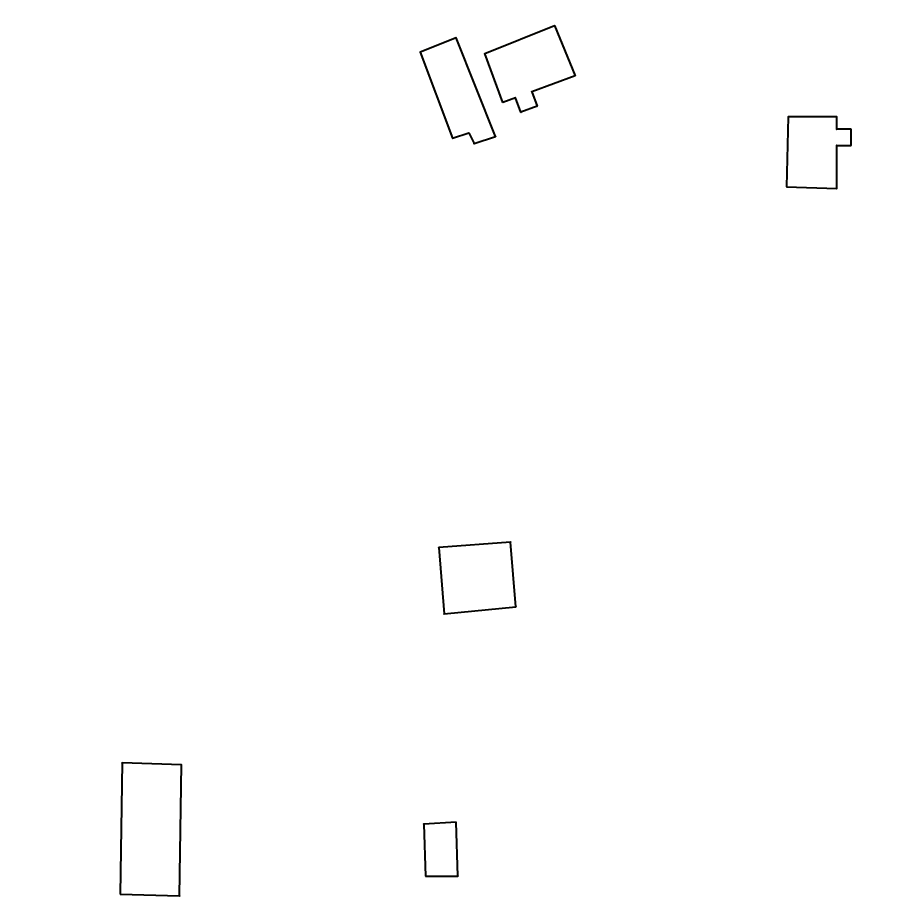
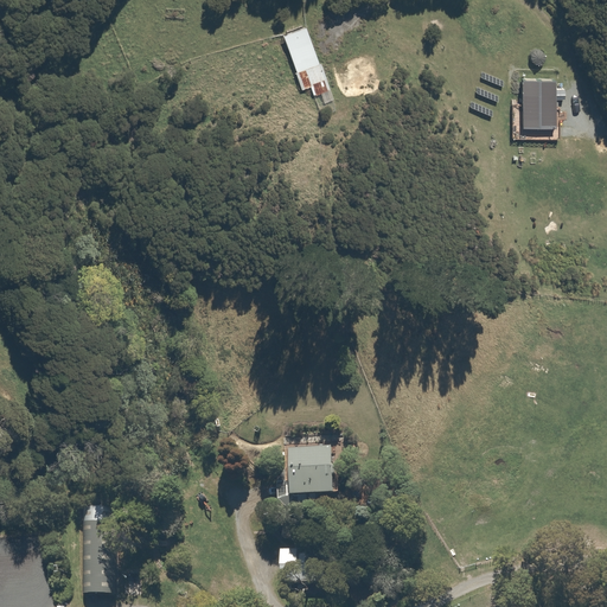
building: [485,26,575,112] -> none
building: [439,542,516,614] -> [287,446,338,493]

